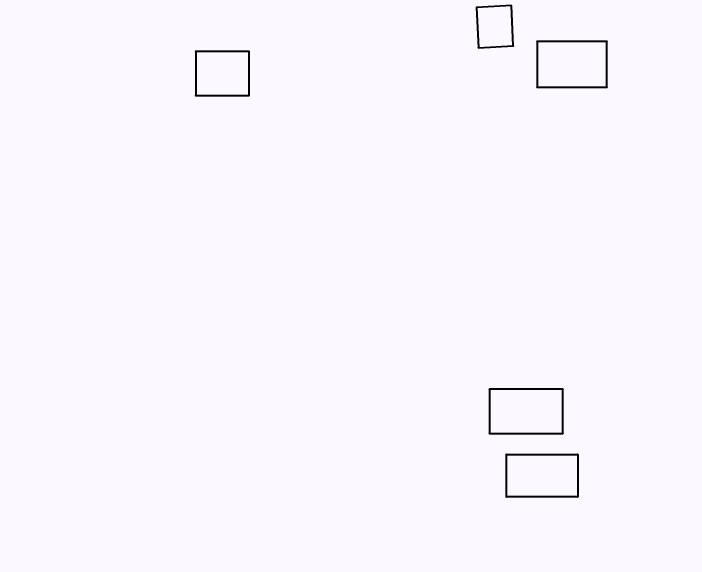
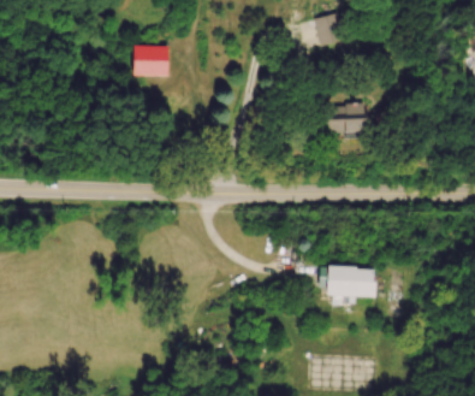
building: [537,41,607,87] -> [319,105,364,135]
building: [506,454,578,497] -> none

